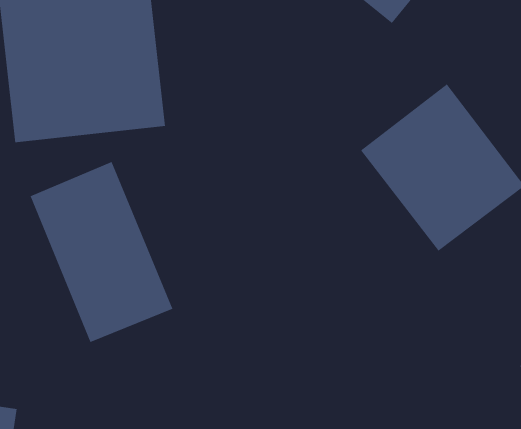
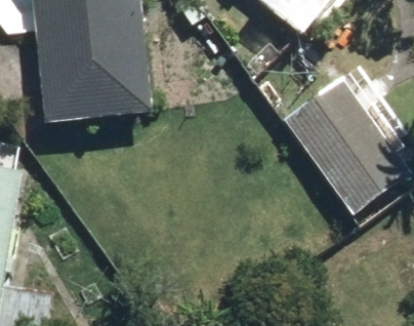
building: [30,161,173,343] -> none

